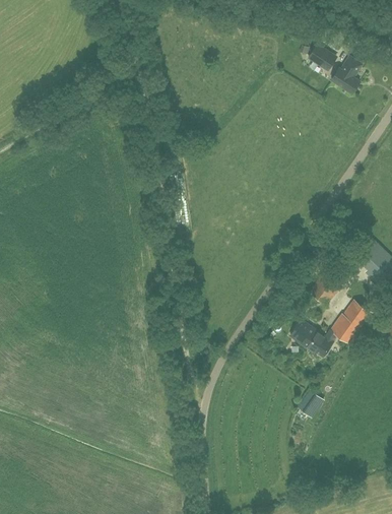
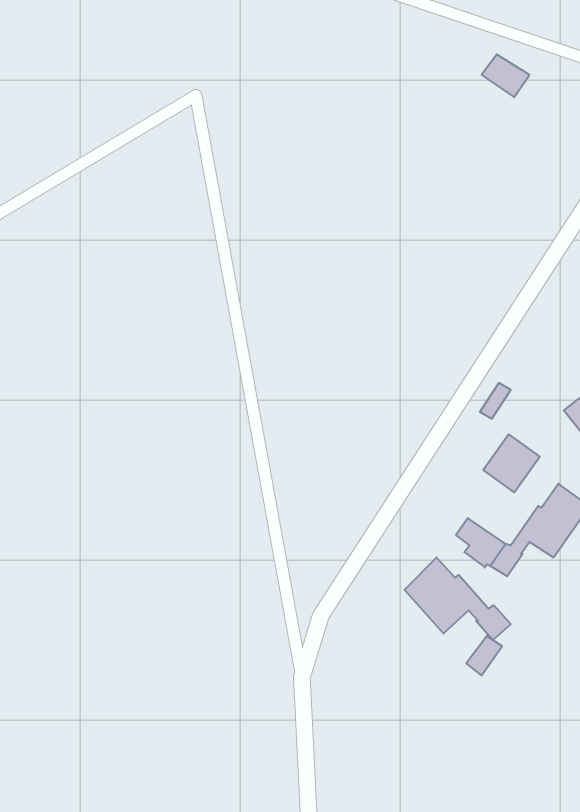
building: [331,56,362,93] -> none
building: none -> [405,557,511,640]

